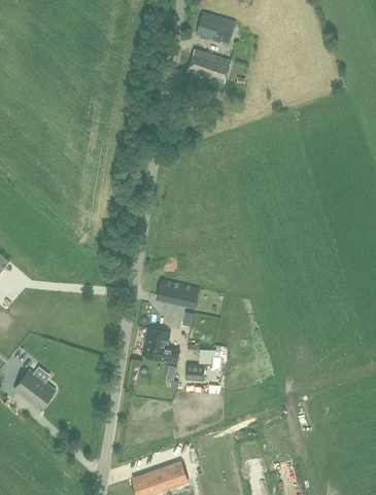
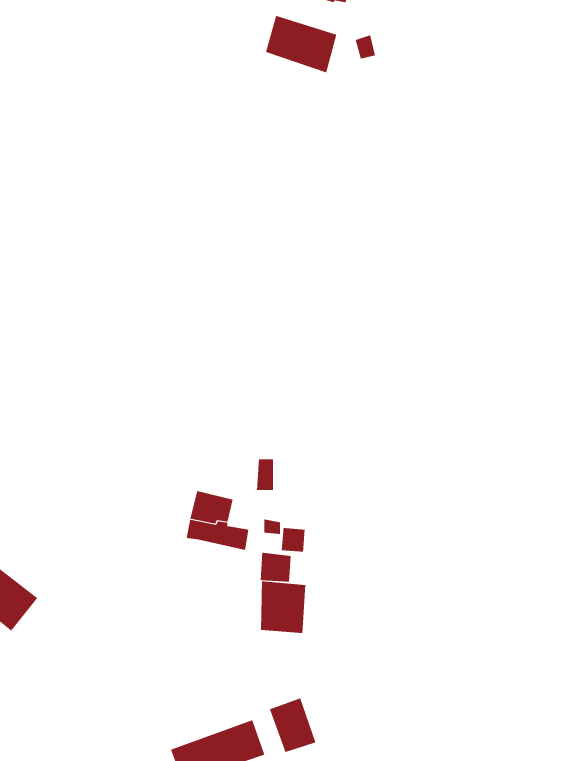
building: [156,280,198,306] -> none
building: none -> [260,581,306,634]
building: none -> [269,698,316,753]

